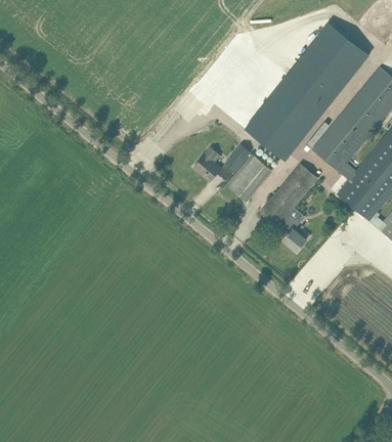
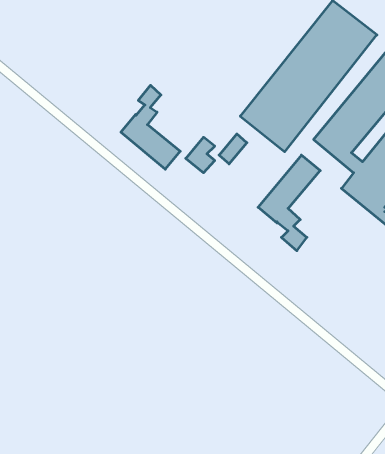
building: none -> [121,85,180,169]
building: [226,153,272,201] -> none

